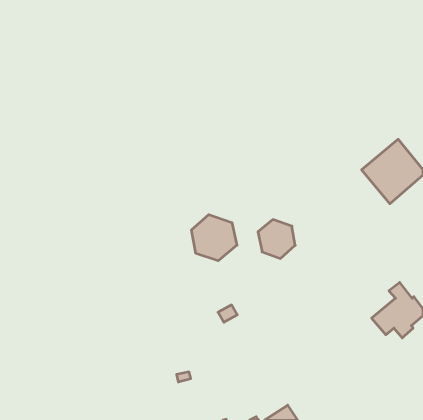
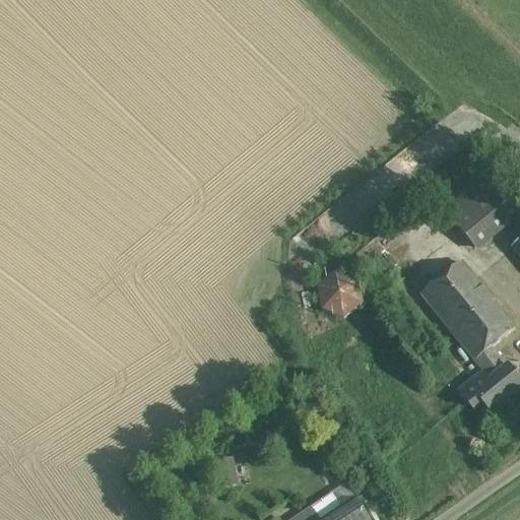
building: none -> [420,260,514,359]
building: [192,215,237,261] -> none

